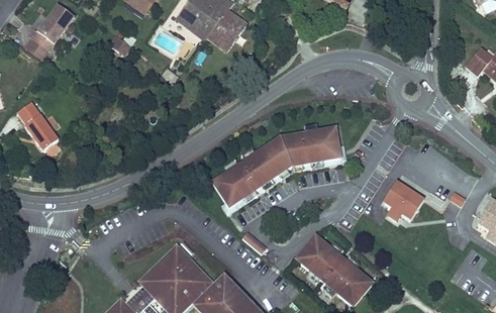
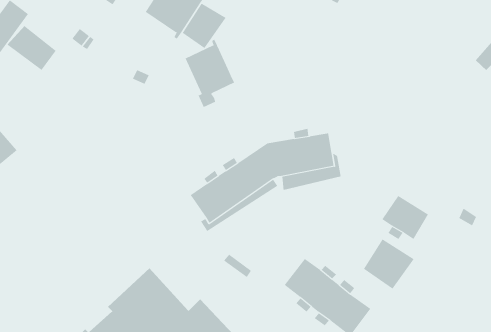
building: none -> [7,25,57,71]
building: none -> [185,39,235,108]
building: none -> [363,238,415,290]

